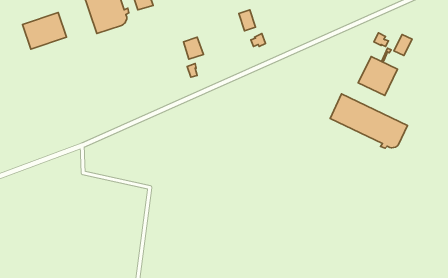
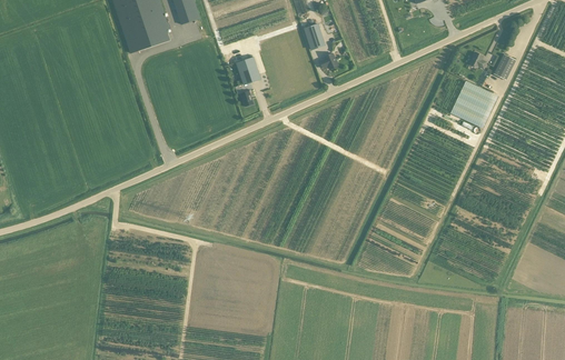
building: [22,13,66,49] -> none
building: [330,94,408,148] -> none

